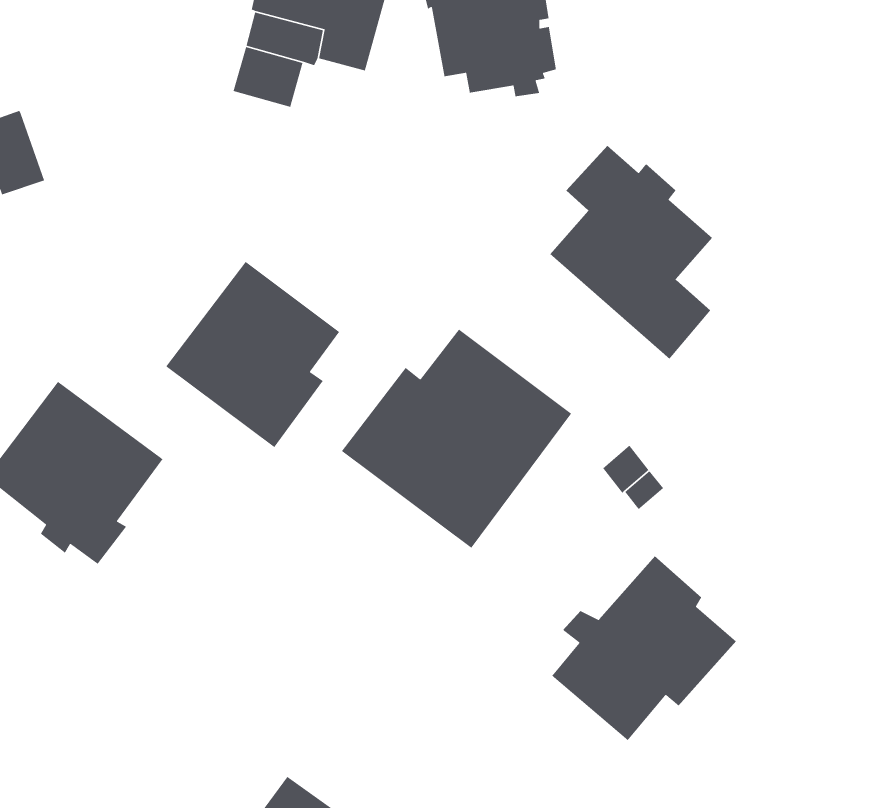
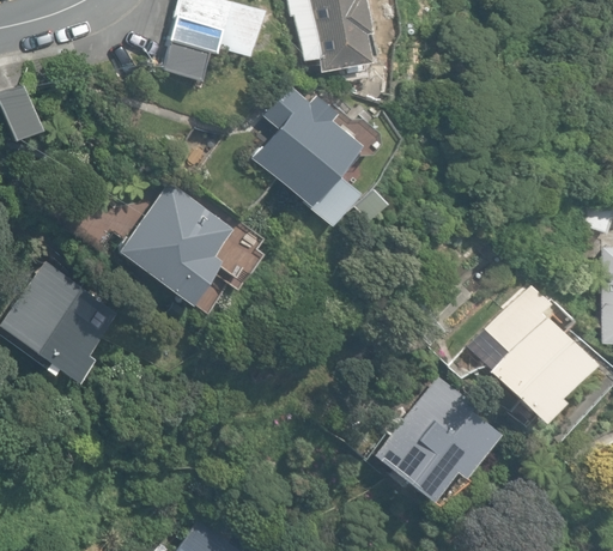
building: [549,145,713,360] -> [254,85,362,226]
building: [341,329,572,549] -> none
building: none -> [469,286,591,420]

